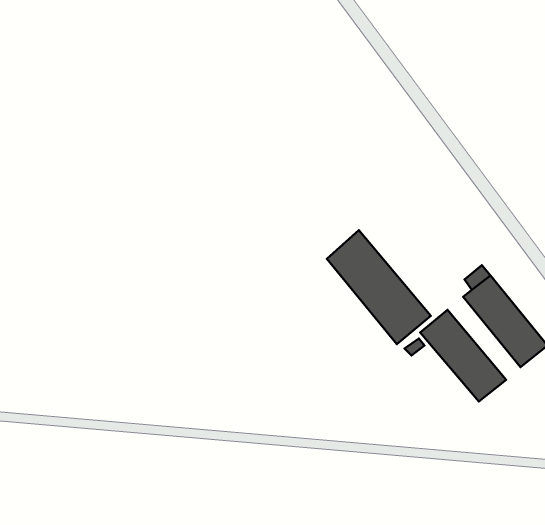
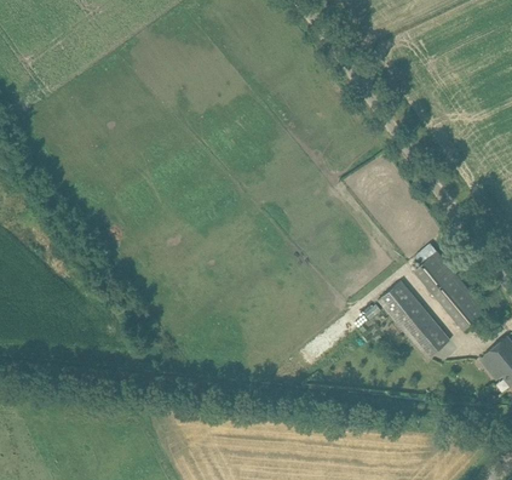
building: [327,230,431,344] -> none

